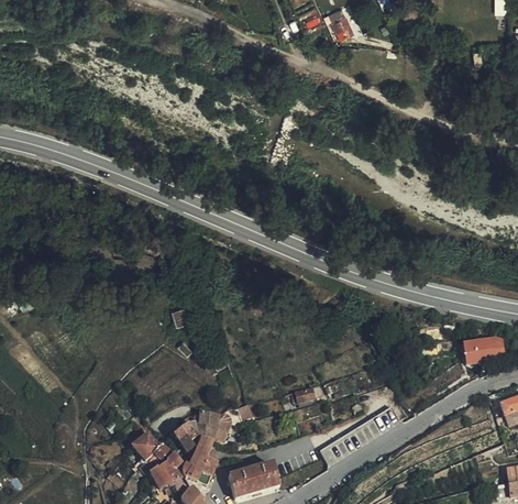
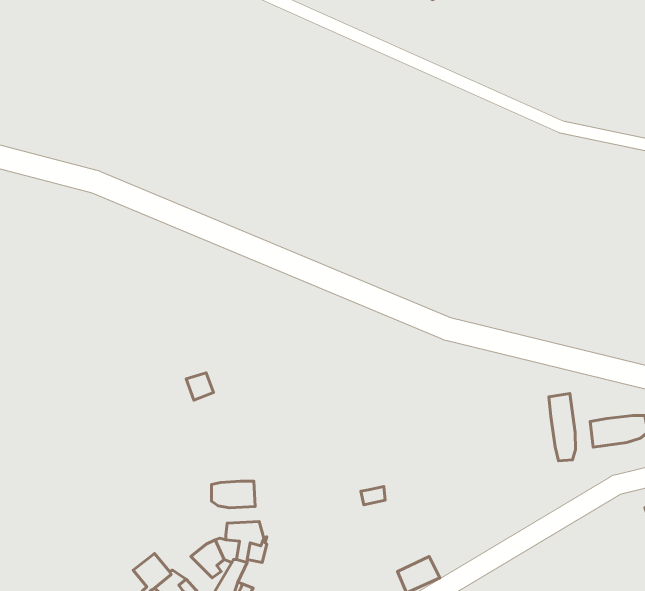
building: none -> [549,393,575,461]
building: none -> [211,481,255,508]

